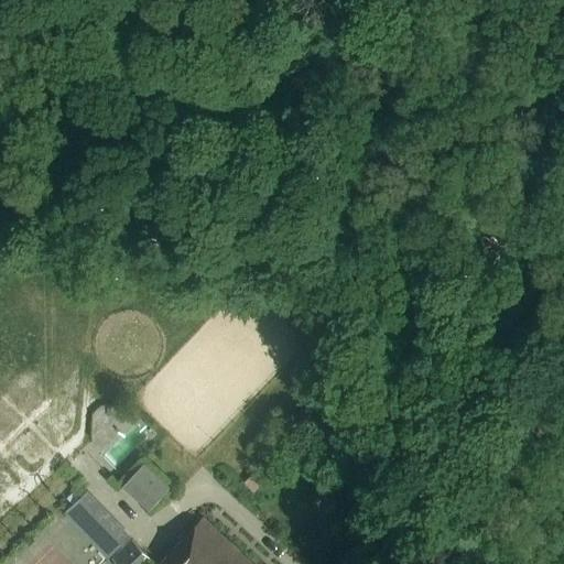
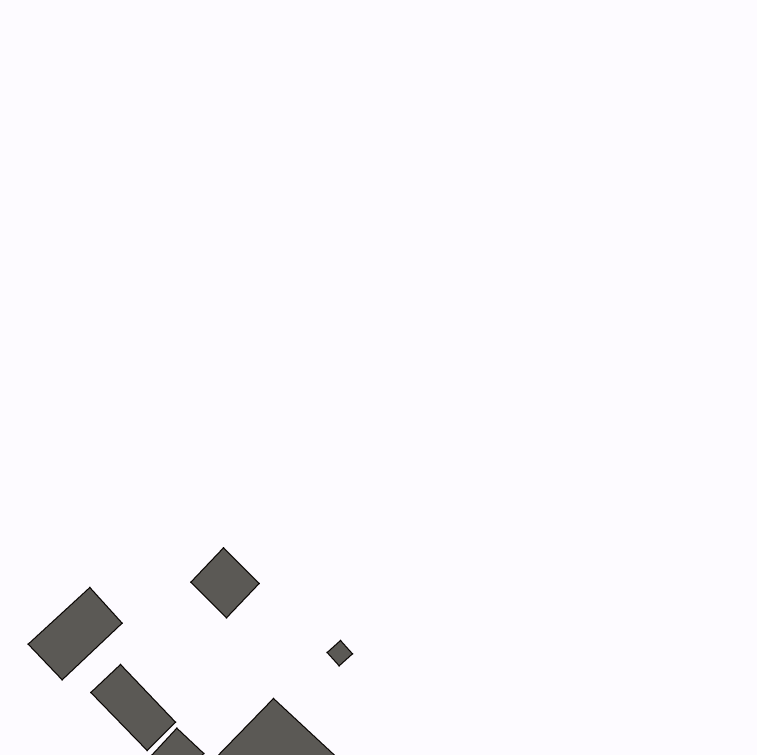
building: none -> [28,587,122,680]
building: [119,459,170,511] -> [191,548,259,618]

